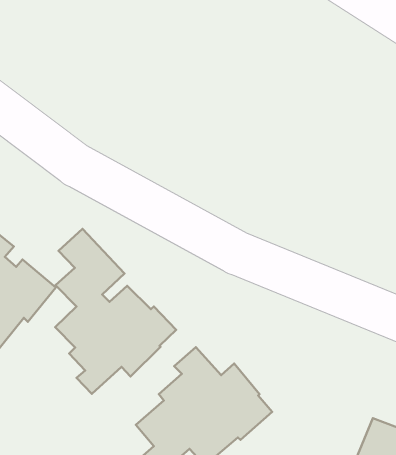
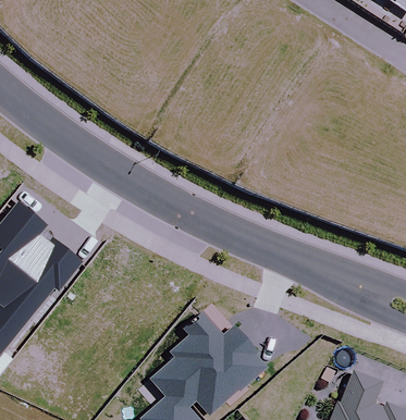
building: [55,229,176,394] -> none

